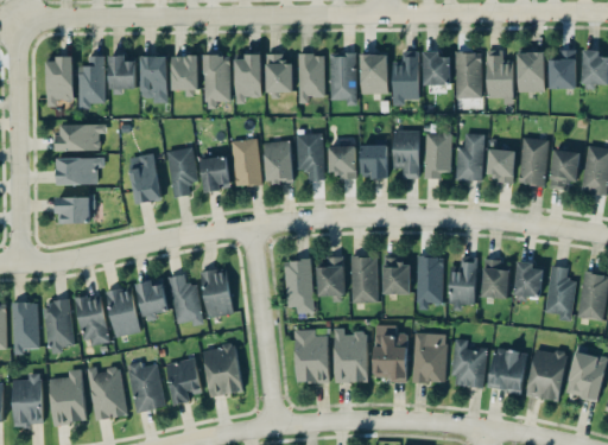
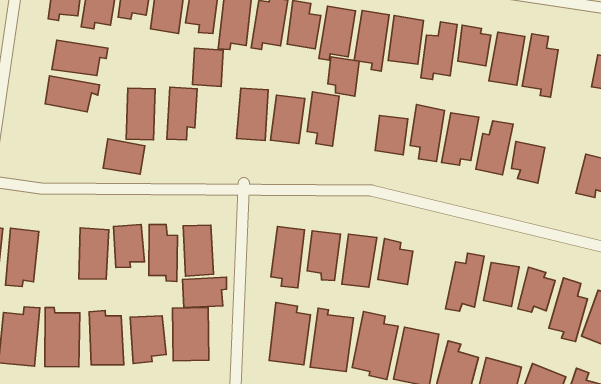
building: [517,51,545,91] -> none
building: [518,136,549,185] -> none
building: [329,146,356,178] -> [328,57,359,96]
building: [201,155,230,191] -> [193,48,223,87]
building: [57,196,91,223] -> [103,139,145,174]
building: [417,255,443,309] -> none
building: [76,293,109,347] -> none
building: none -> [182,277,226,308]

